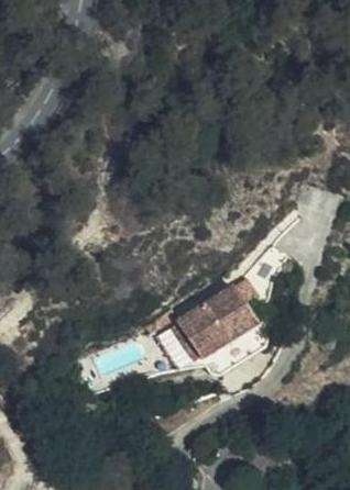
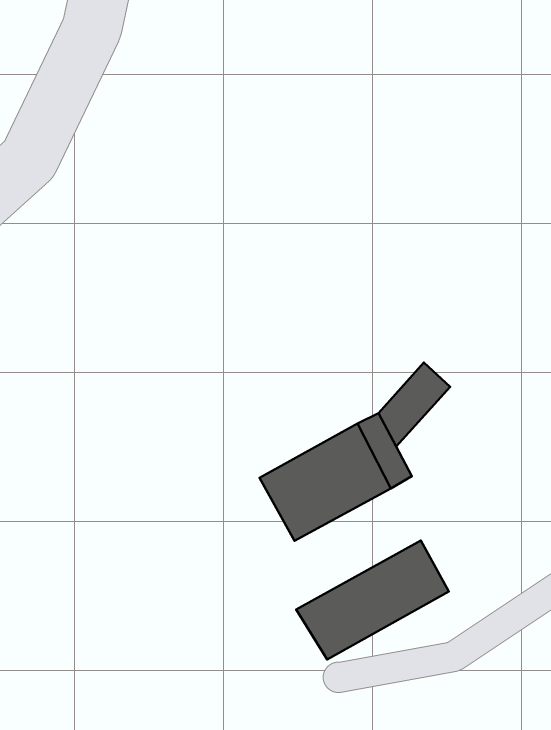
building: none -> [296,541,449,660]

